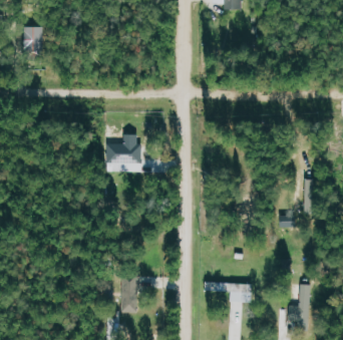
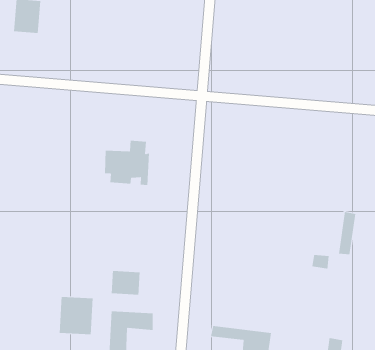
building: none -> [111,270,140,295]
building: none -> [59,296,93,335]

